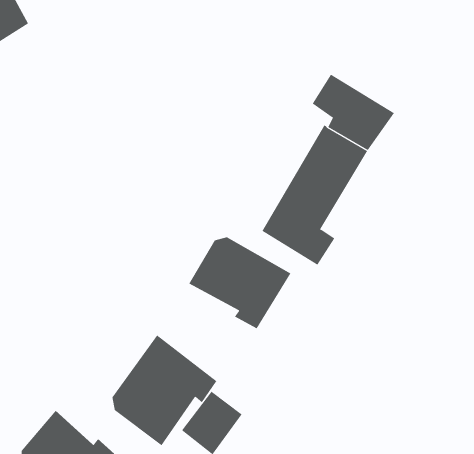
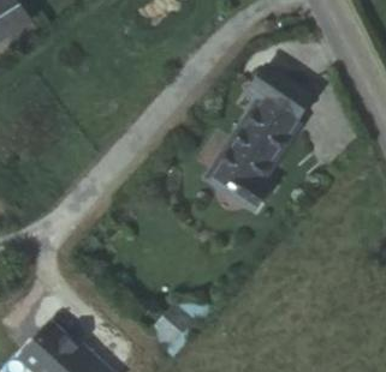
building: [189,236,291,329] -> none
building: [112,335,217,446] -> none

